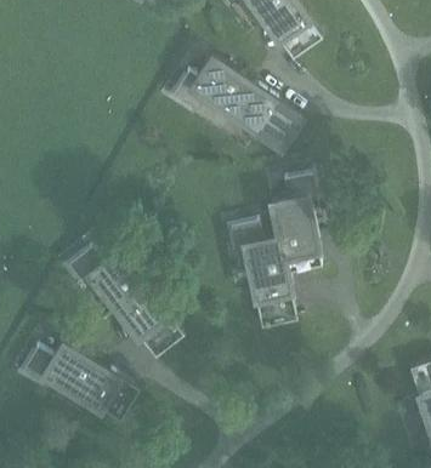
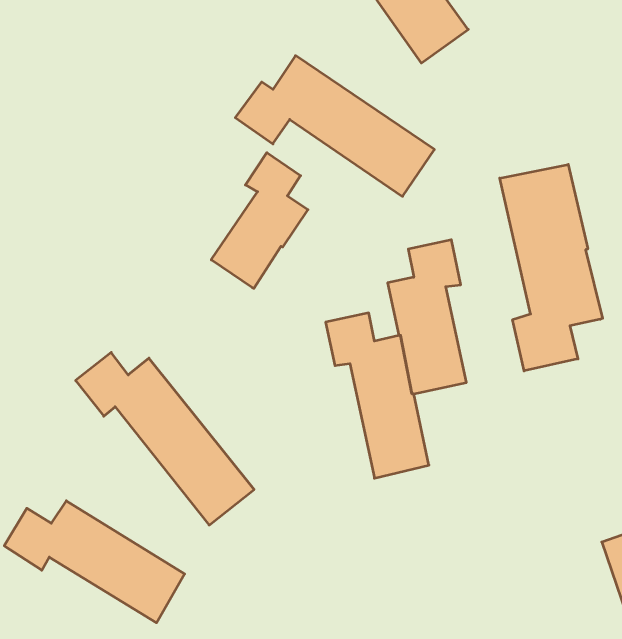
building: none -> [211,153,308,288]
building: none -> [500,164,603,371]

